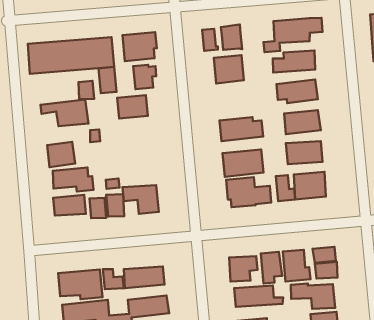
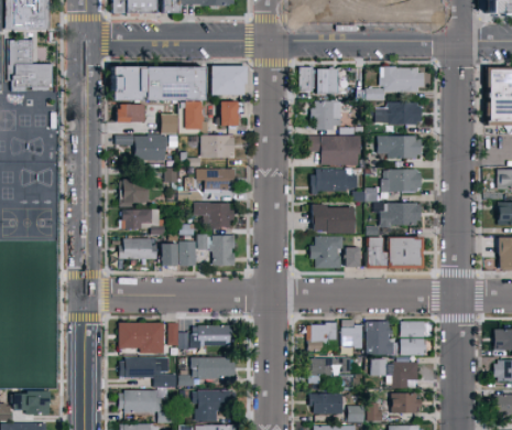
building: none -> [110,103,143,121]
building: none -> [309,135,359,165]
building: none -> [196,169,233,189]
building: none -> [194,202,232,227]

